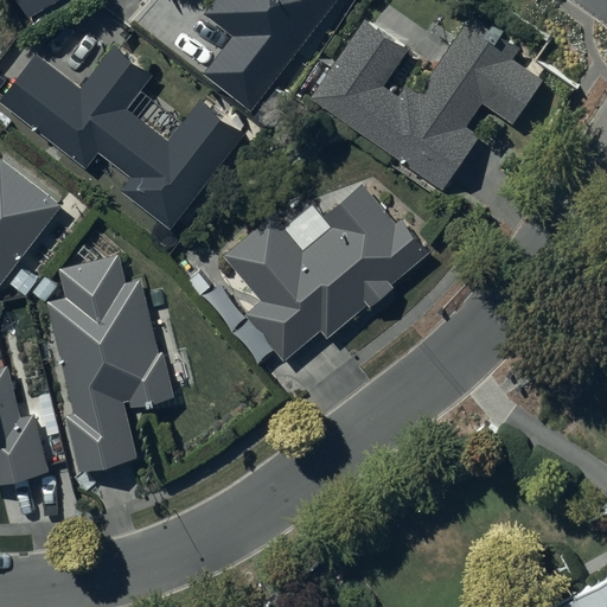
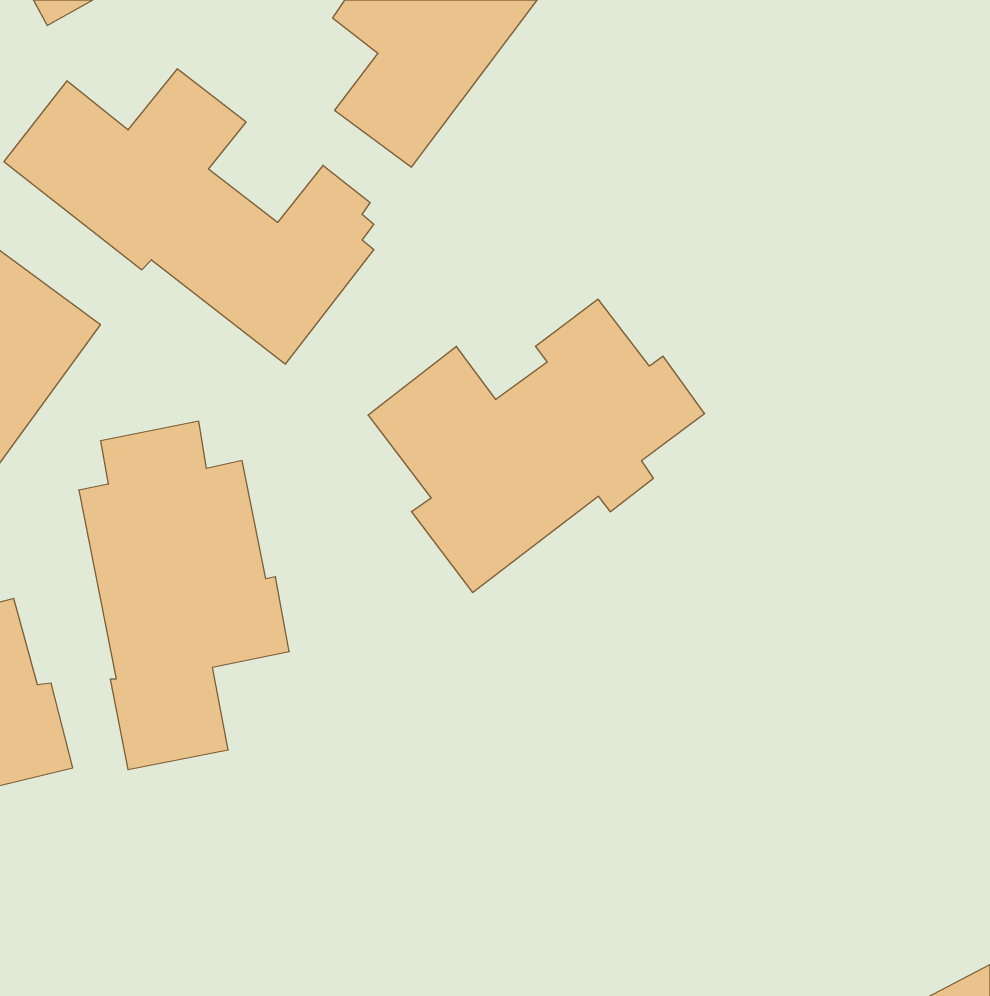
building: [305,13,543,189] -> none

